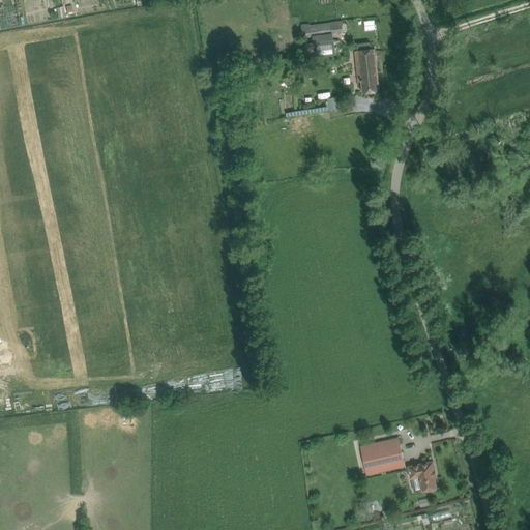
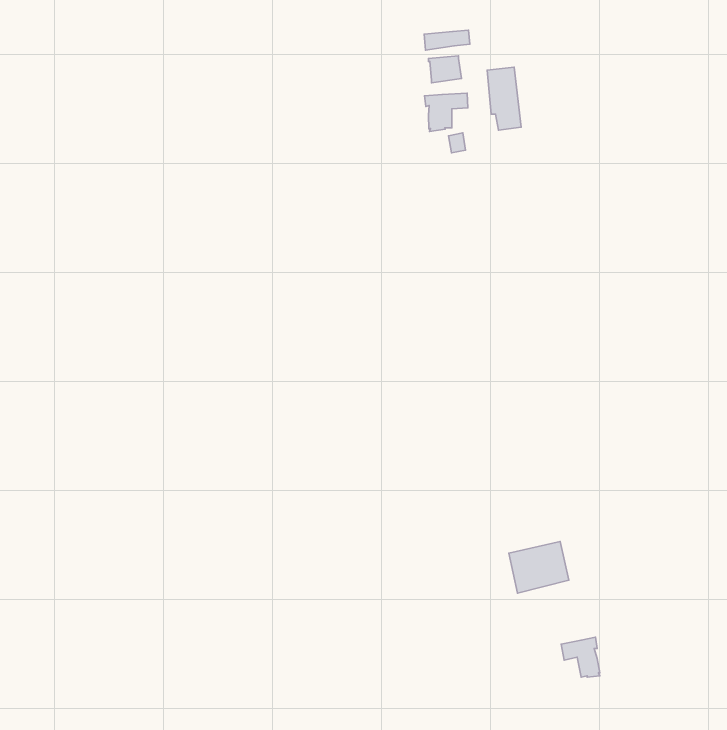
building: none -> [424,93,468,131]
building: [359,438,403,475] -> [509,542,569,593]

